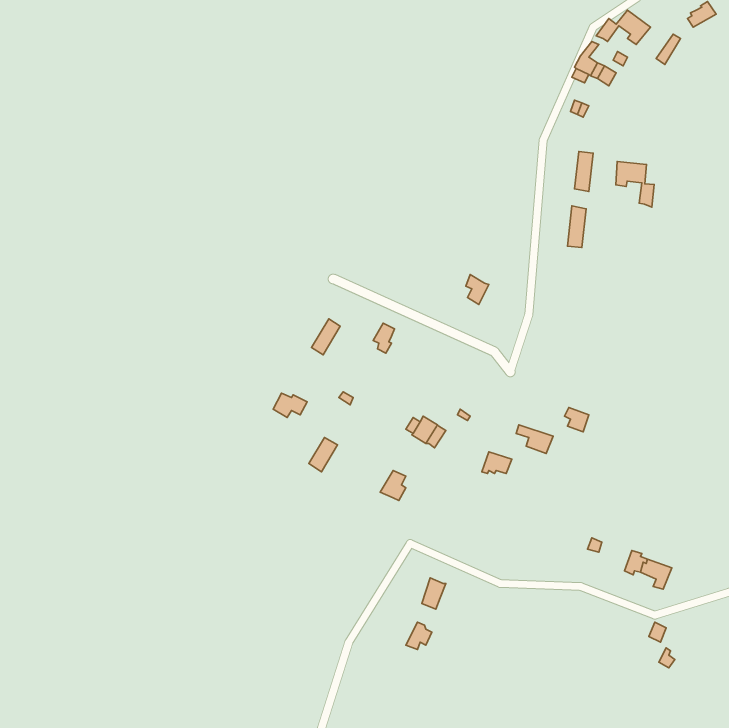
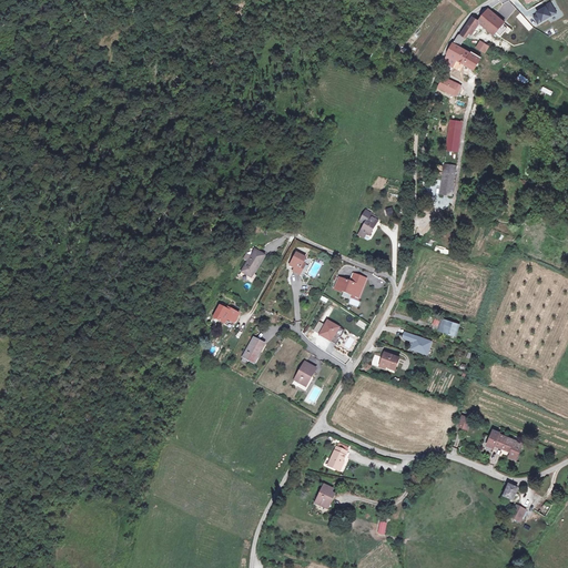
building: [616,161,654,207] -> none
building: none -> [334,273,366,297]

